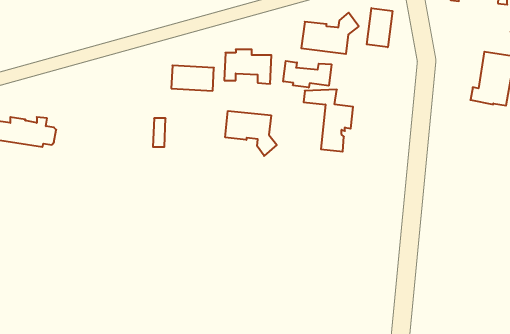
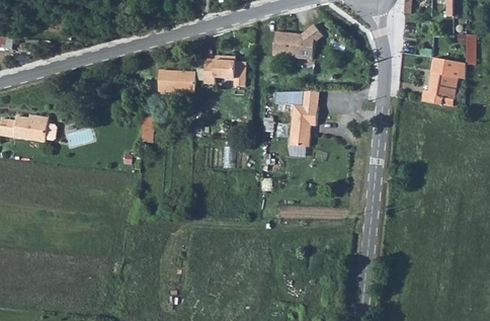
building: [367,8,392,47] -> none
building: [283,61,331,88] -> none
building: [225,111,277,156] -> none

